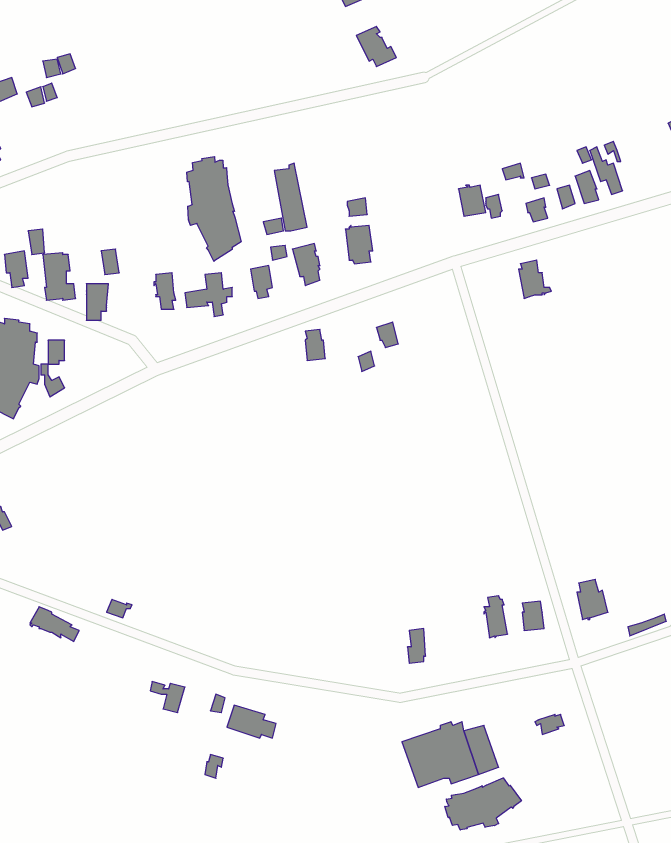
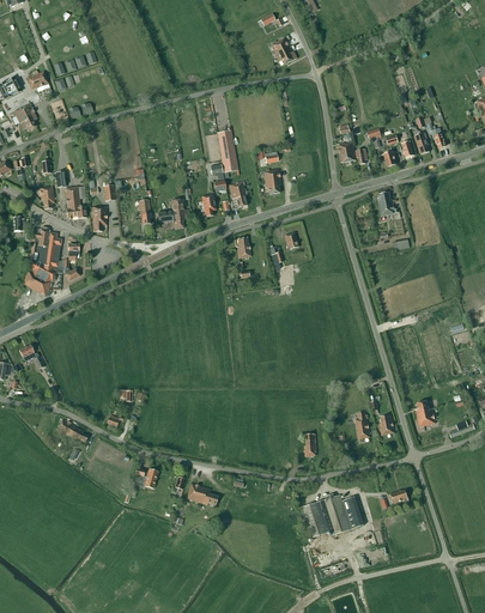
building: [187,157,241,261] -> none
building: [445,778,521,830] -> none

